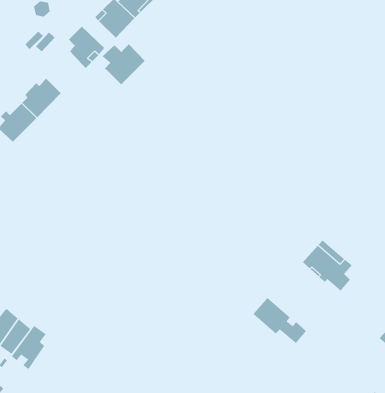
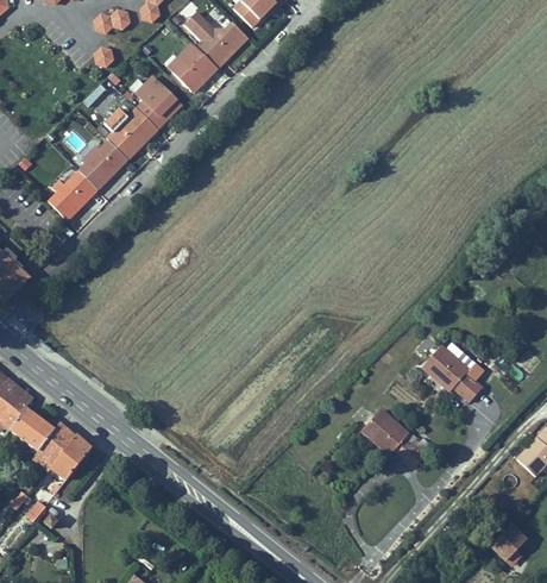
building: [102,43,145,85] -> [103,107,157,158]
building: [11,325,46,370] -> none

